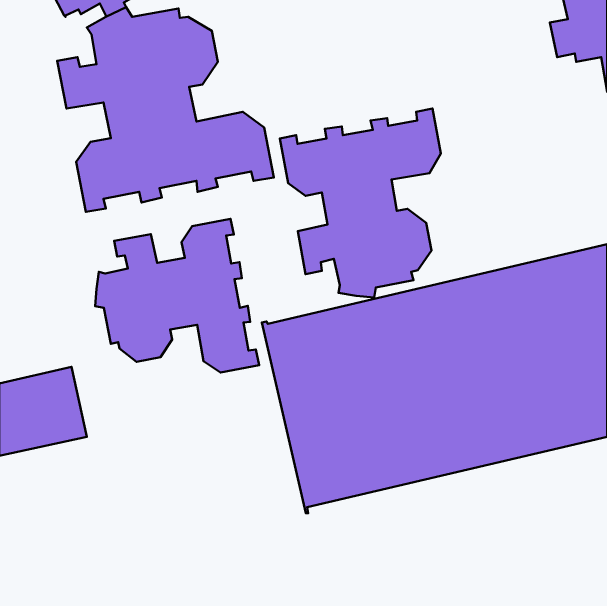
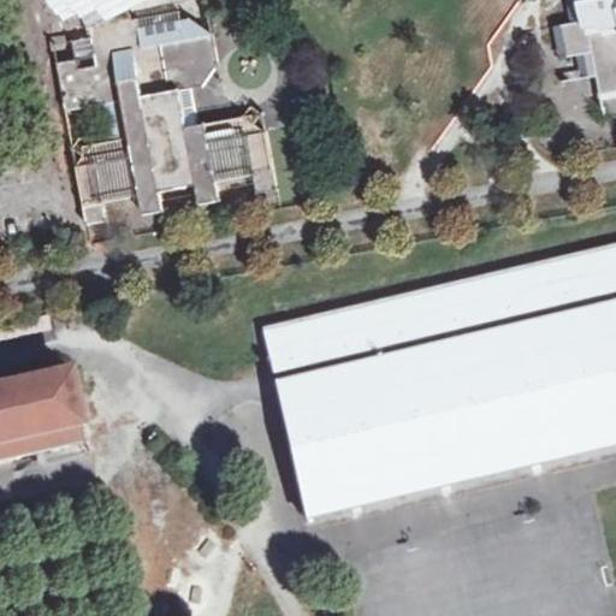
building: [280,109,441,297] -> none
building: [95,219,259,372] -> none

